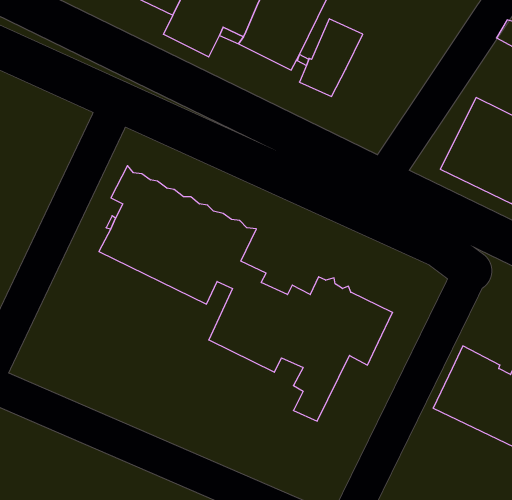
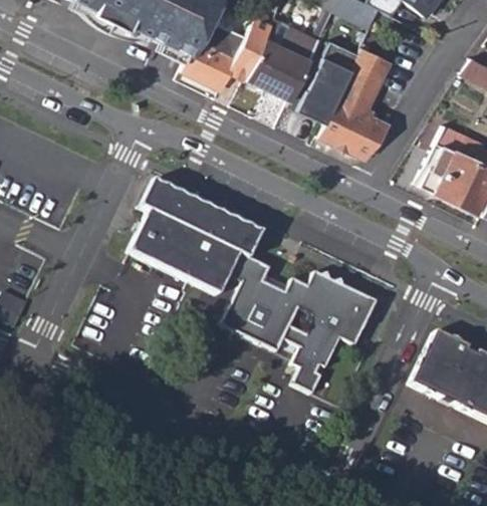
building: none -> [319,46,392,159]

